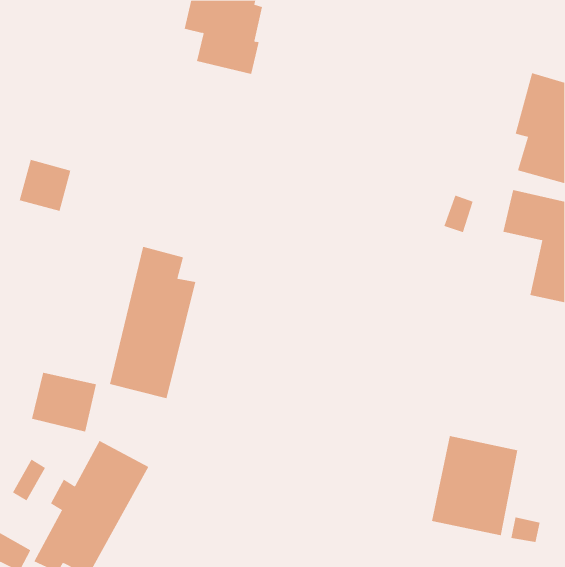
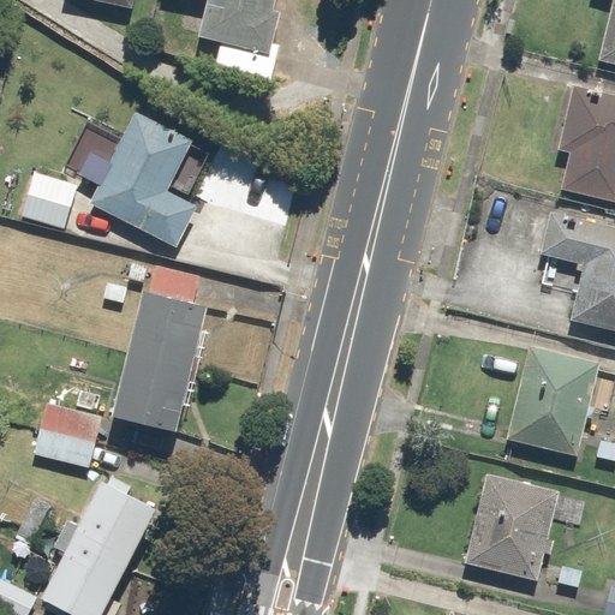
building: none -> [79,118,207,253]
building: none -> [508,346,601,454]

